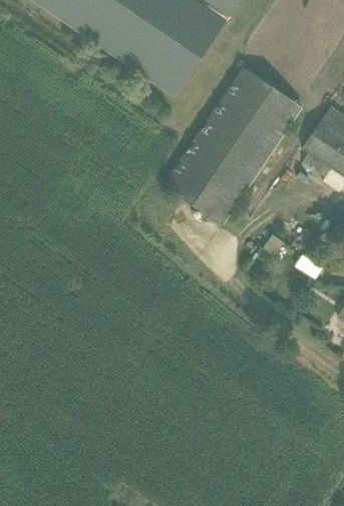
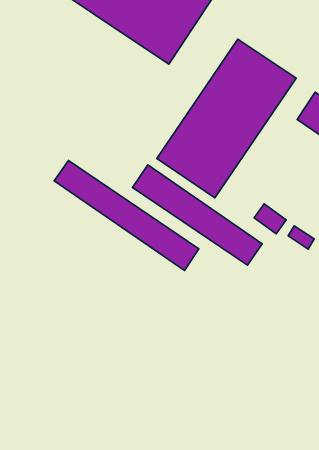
building: none -> [54,160,199,271]
building: none -> [133,165,262,265]

